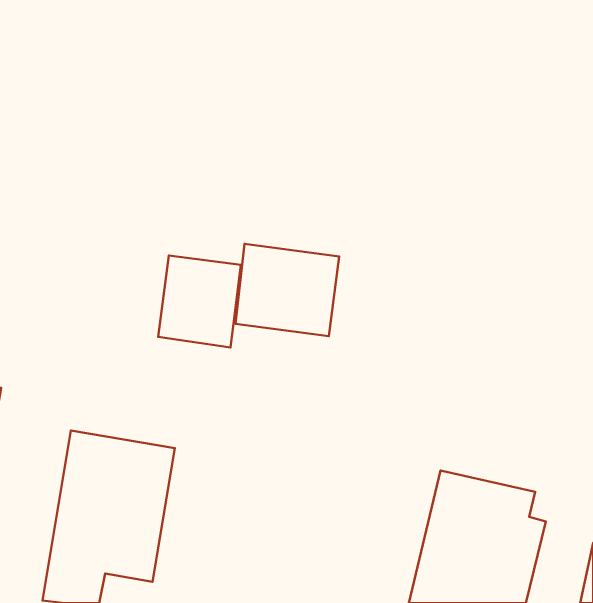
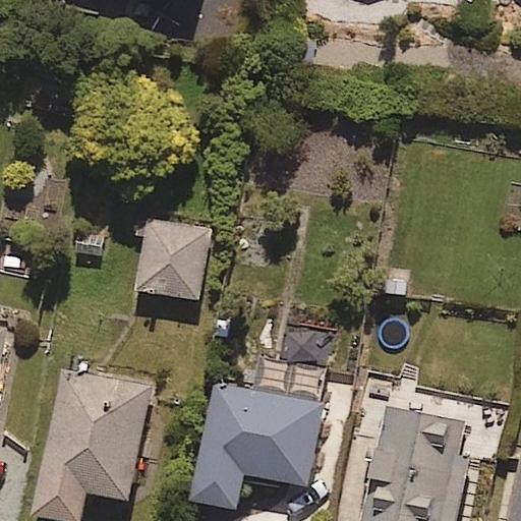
building: [235,244,339,336] -> none
building: none -> [193,385,325,510]

